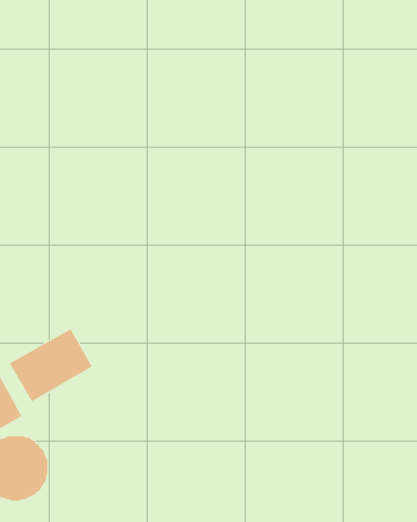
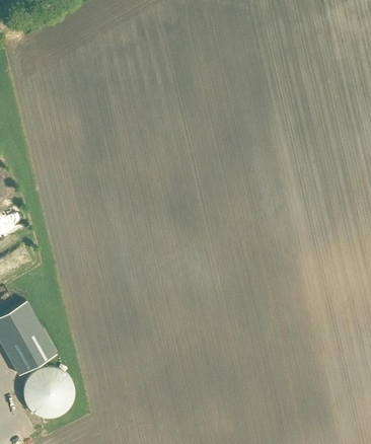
building: [9,328,92,402] -> none

